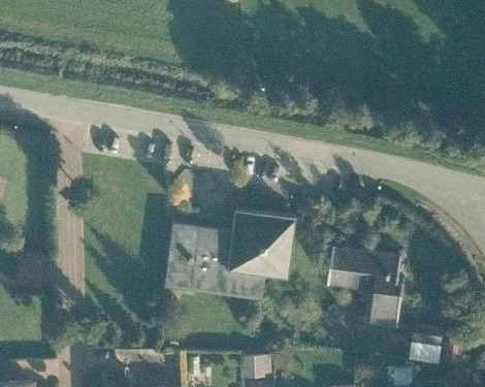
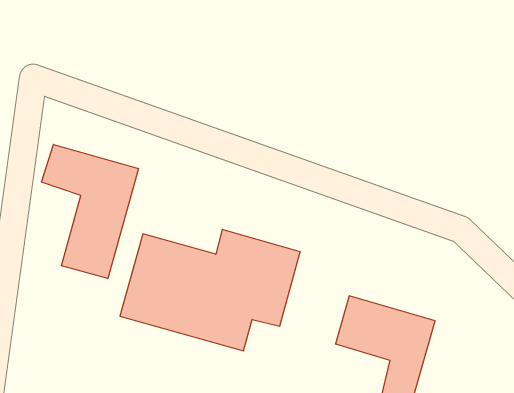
building: none -> [42,144,138,279]

